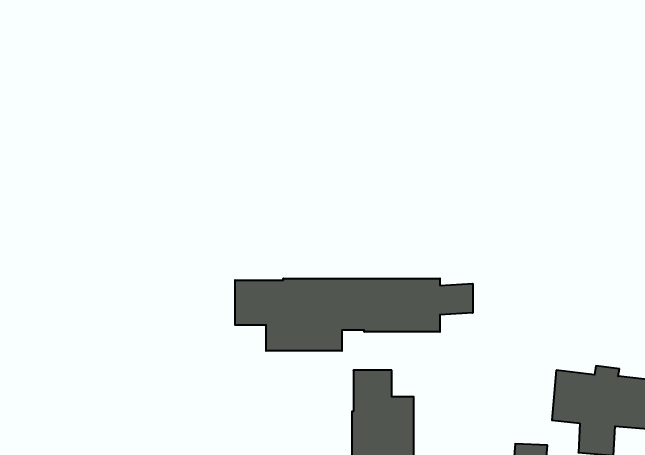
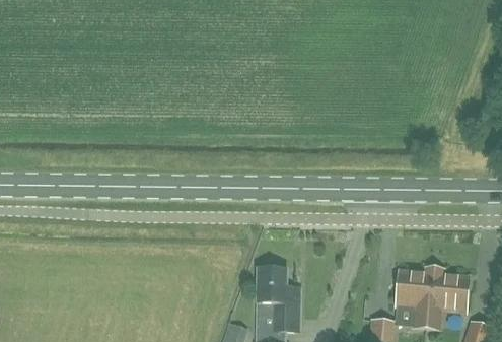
building: [235,278,473,351] -> none

